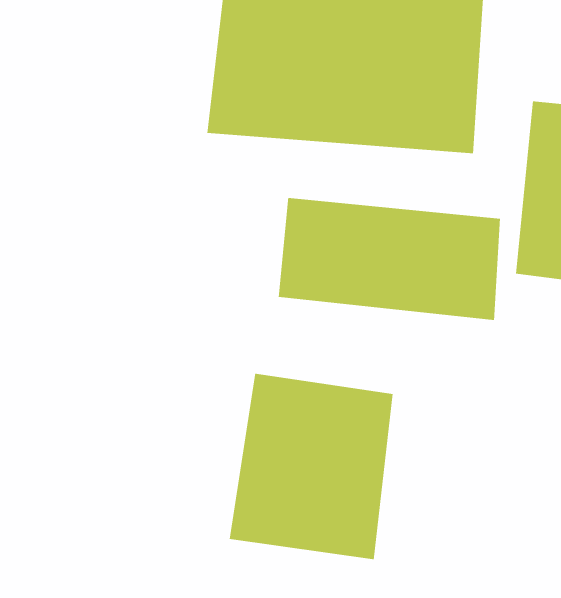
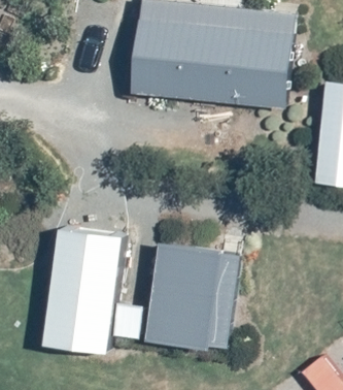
building: [278,197,500,321] -> none
building: none -> [41,229,122,355]

